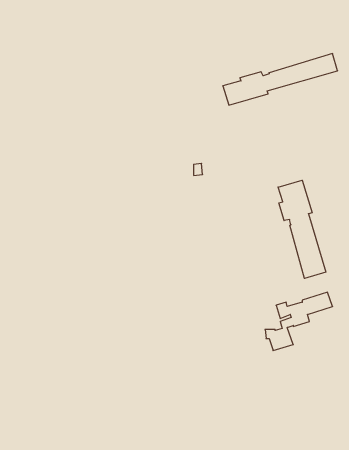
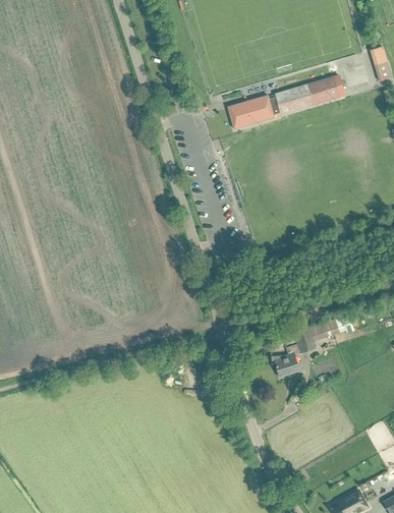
building: [278,180,326,278] -> none

